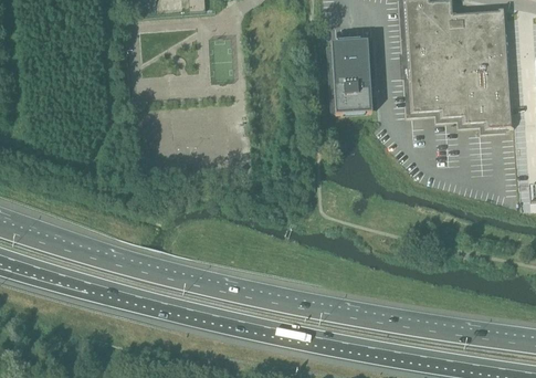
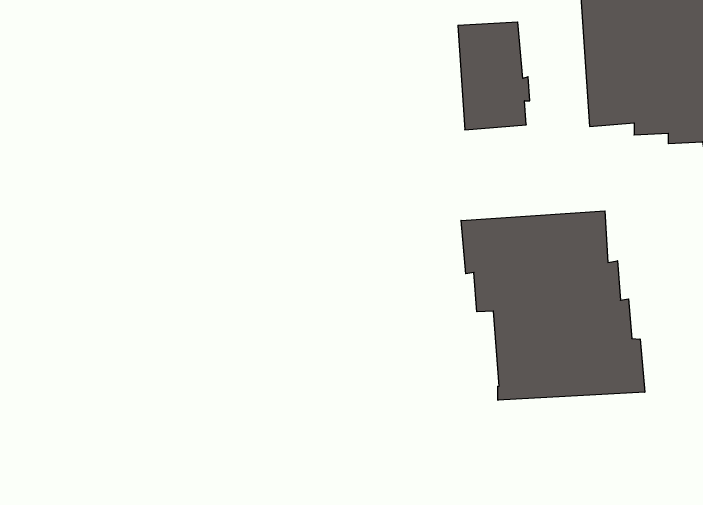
building: none -> [461,211,645,400]

